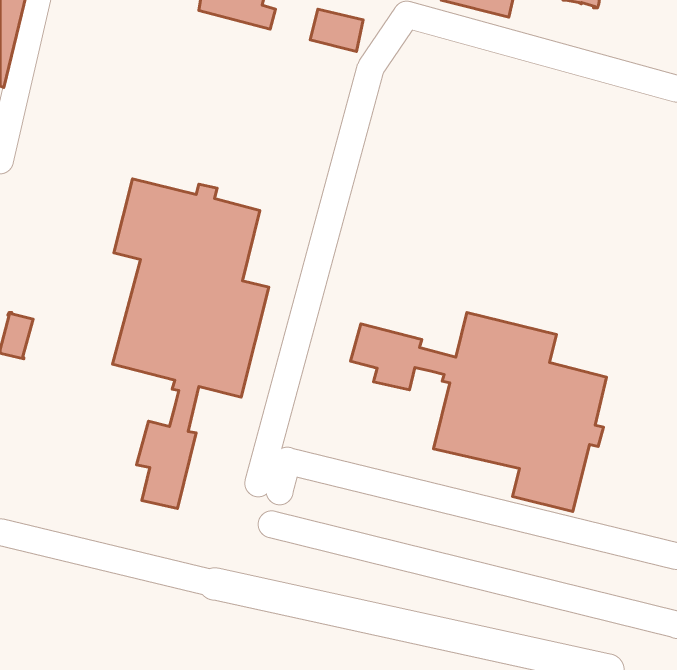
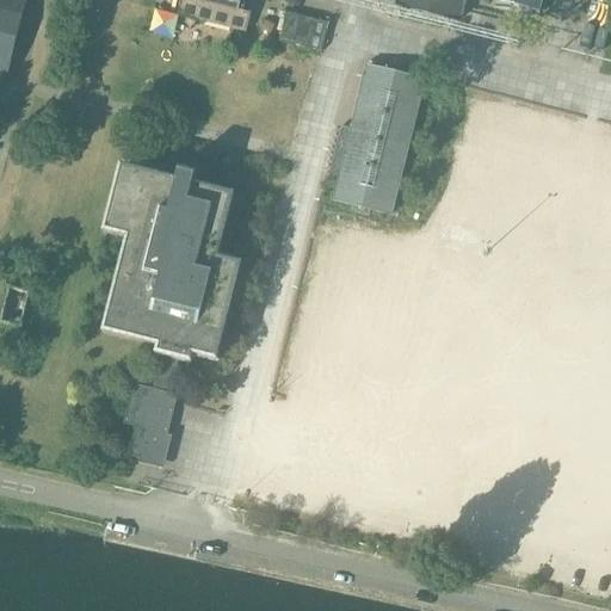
building: none -> [327,57,424,210]
building: [351,312,606,512] -> none

